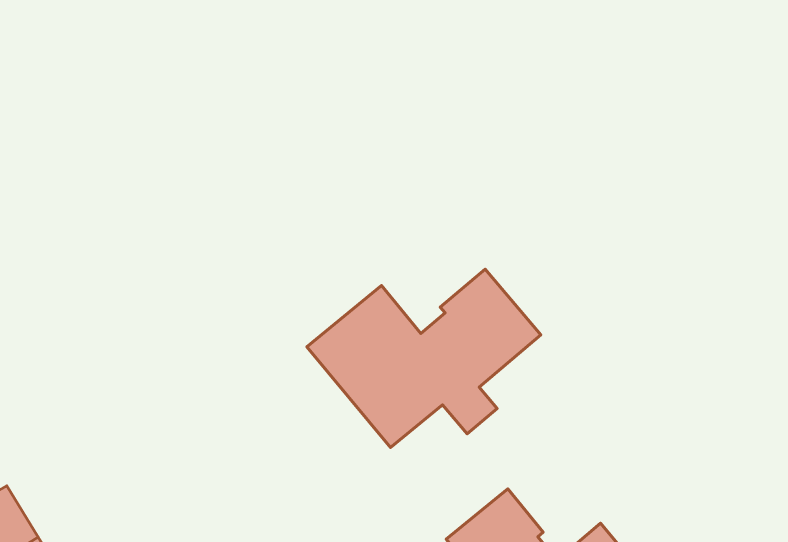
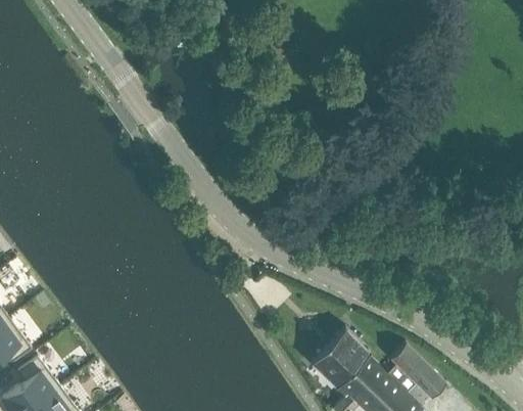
building: [307,269,541,447] -> none

